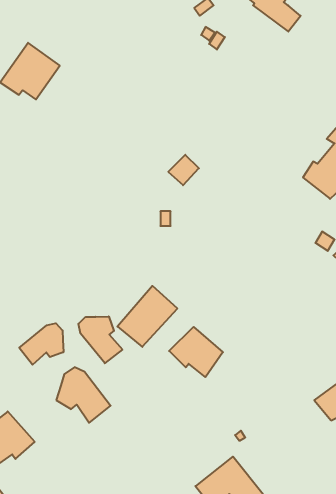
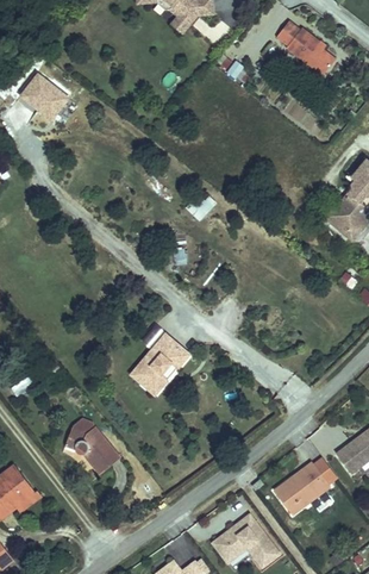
building: [78,316,122,363] -> none
building: [19,323,63,365] -> none
building: [169,327,223,377] -> none
building: none -> [275,456,340,517]

